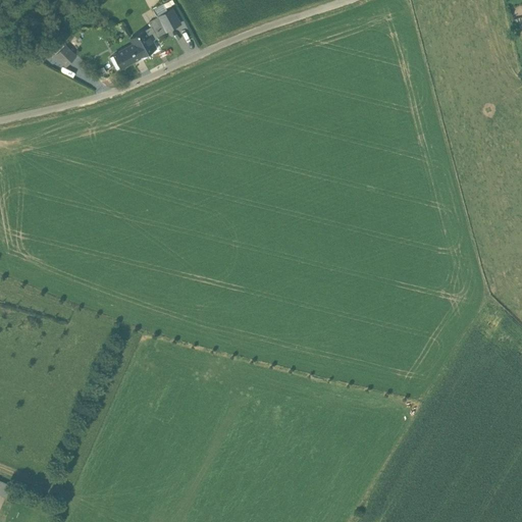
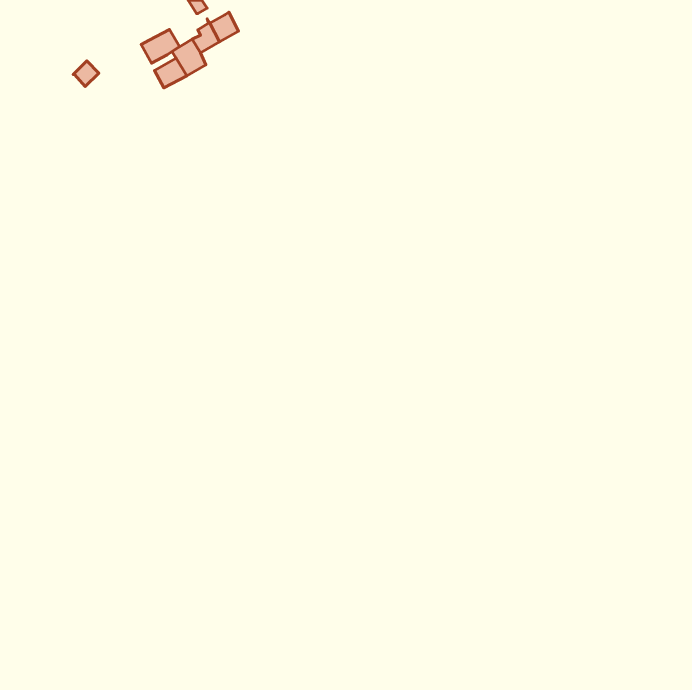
building: none -> [141,29,179,63]

